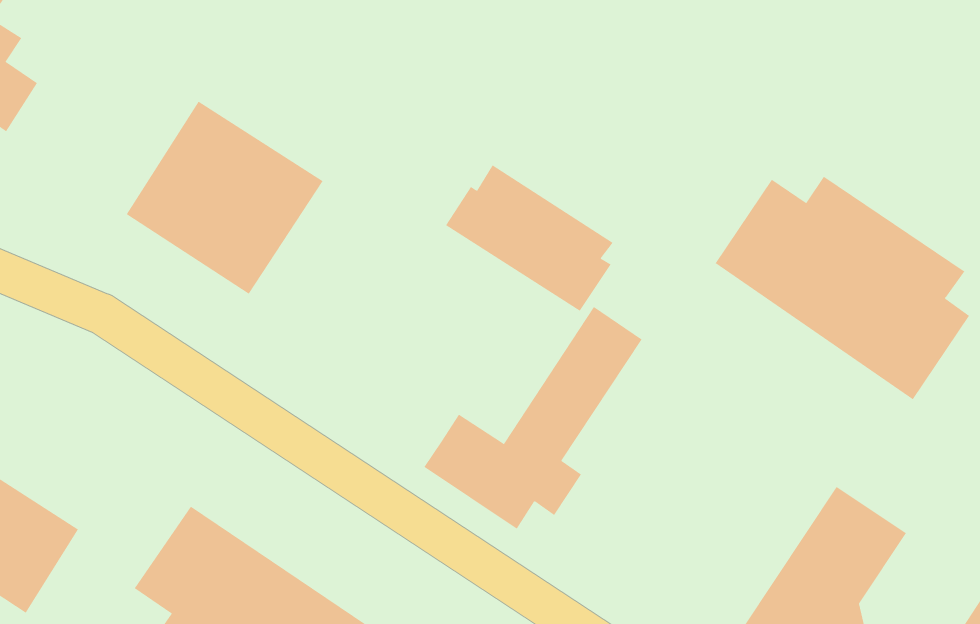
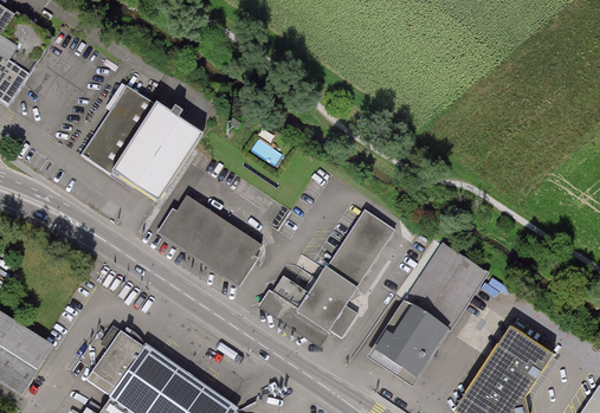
building: [445,165,613,311] -> [157,196,259,285]
building: [715,176,970,400] -> none
building: none -> [374,243,486,374]

